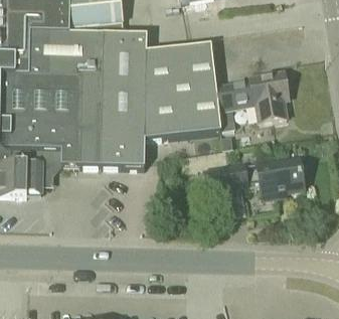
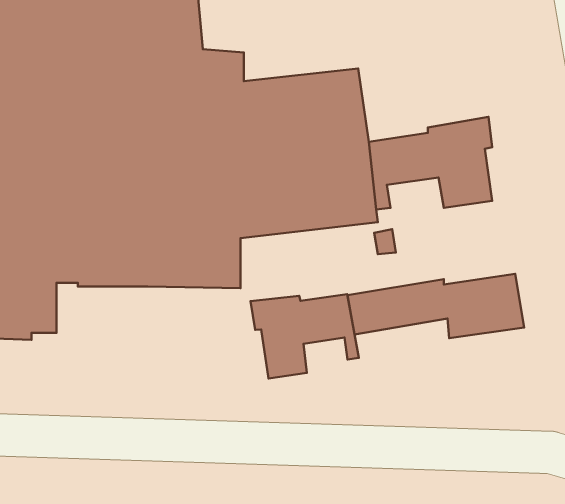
building: none -> [250,294,359,378]

